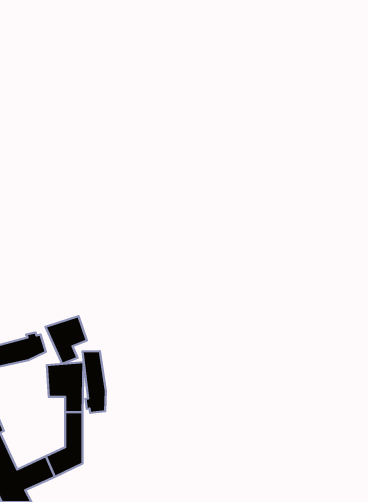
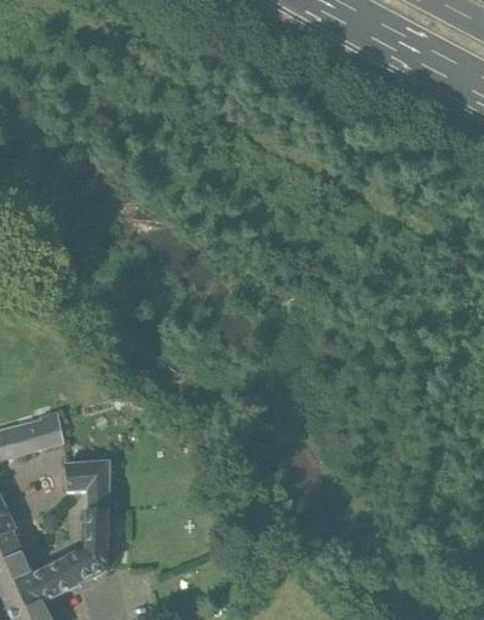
building: [45,316,87,364] -> none
building: [82,351,106,413] -> none

